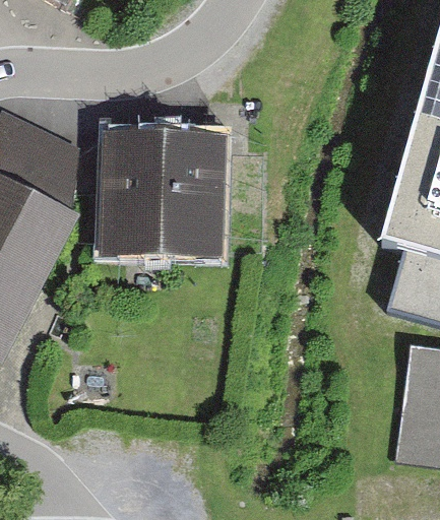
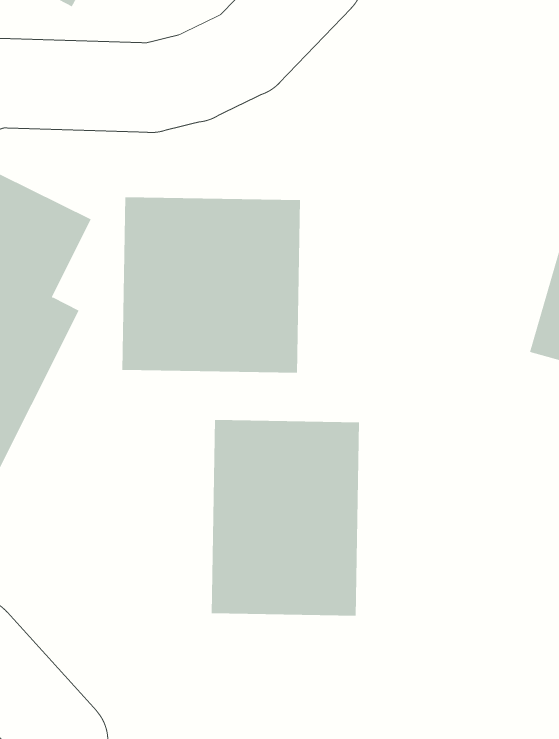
building: none -> [211,419,359,616]

